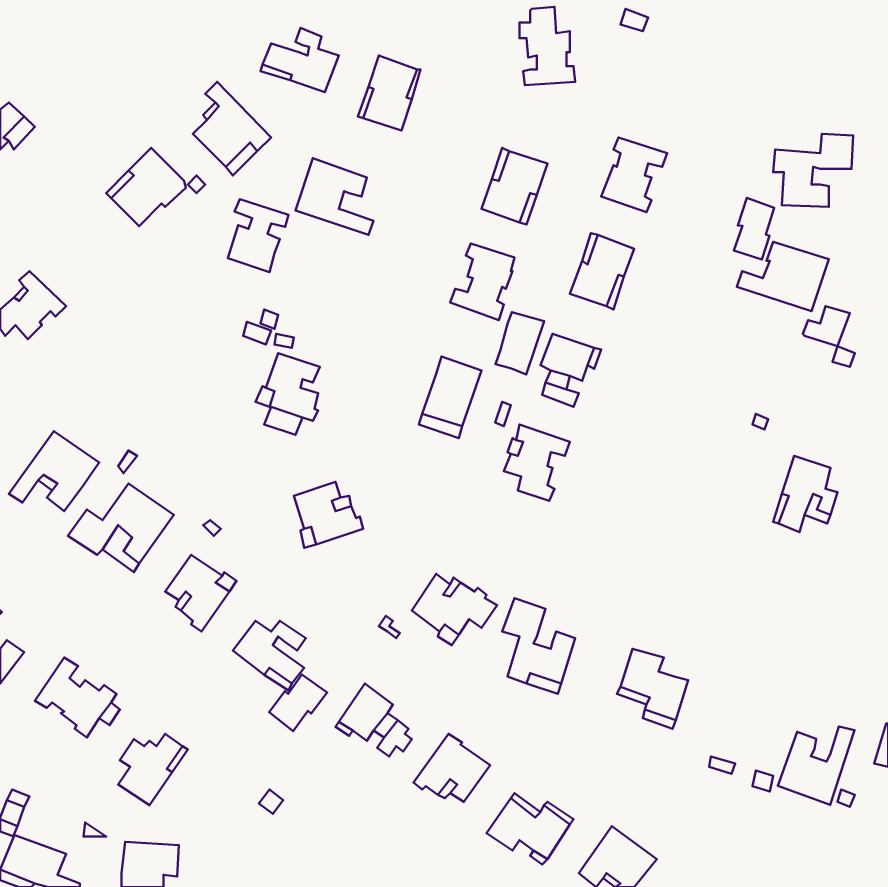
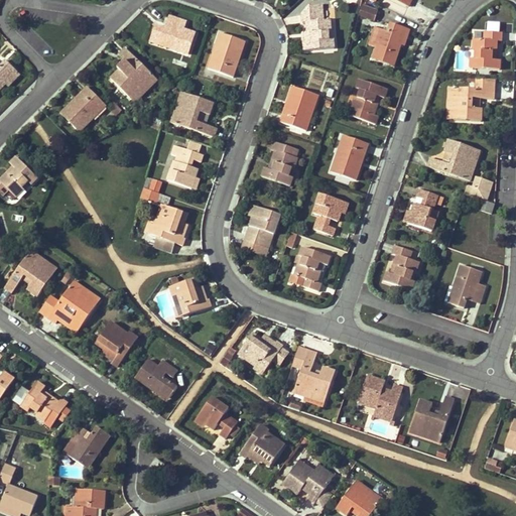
building: none -> [369,22,408,64]
building: none -> [470,31,502,68]
building: [734,198,774,259] -> none
building: [228,199,289,272] -> [167,145,203,187]
building: [495,312,544,374] -> none
building: none -> [408,189,443,230]
building: none -> [384,245,420,290]
building: [269,674,327,731] -> none
building: [778,727,854,805] -> [409,397,454,442]

